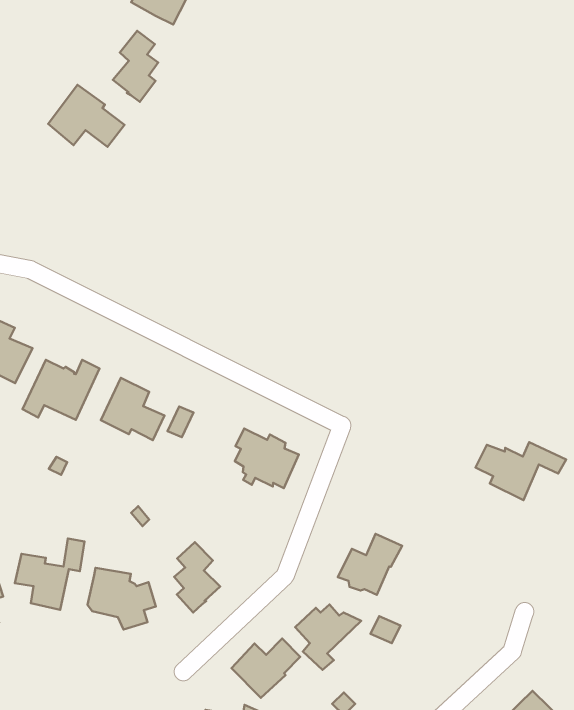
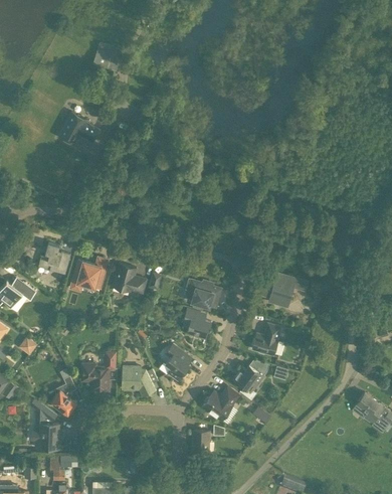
building: [113,31,158,102] -> none
building: [475,442,566,500] -> [259,276,307,307]
building: none -> [183,309,211,338]

